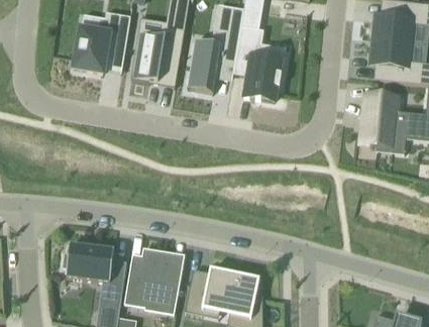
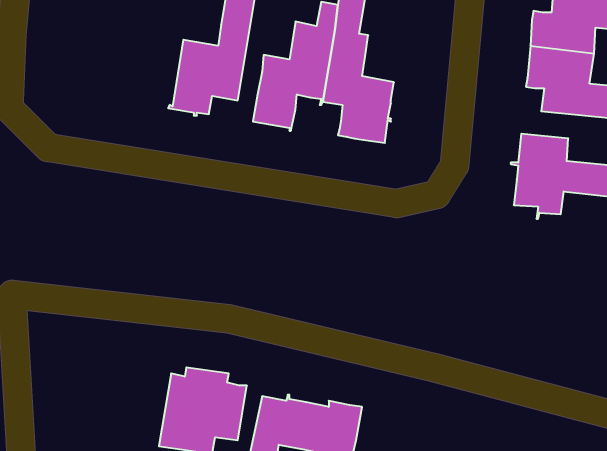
building: [73,12,130,73] -> none
building: [63,242,126,298] -> none

